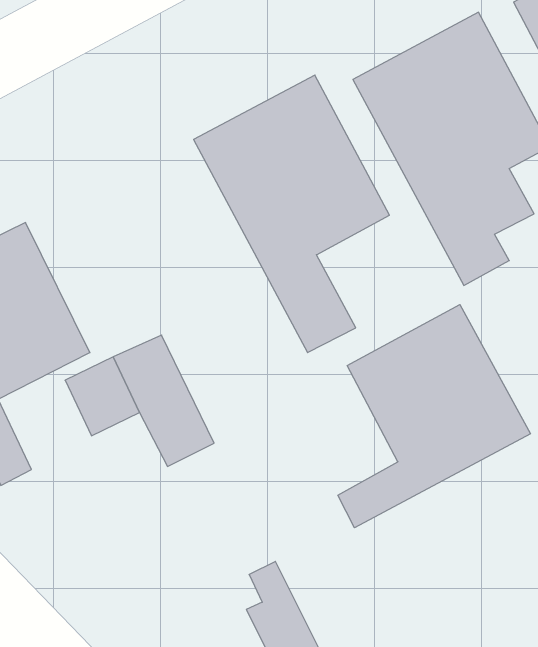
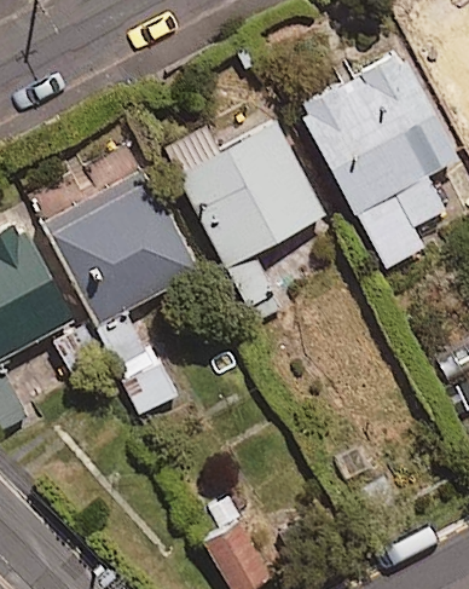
building: none -> [48,177,199,324]
building: [338,305,530,528] -> none

